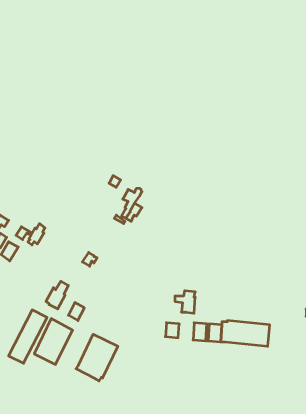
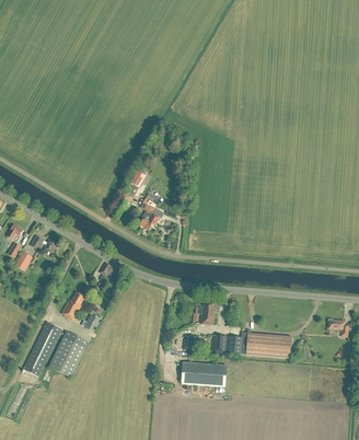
building: [76,334,118,381] -> none
building: none -> [181,361,227,386]

